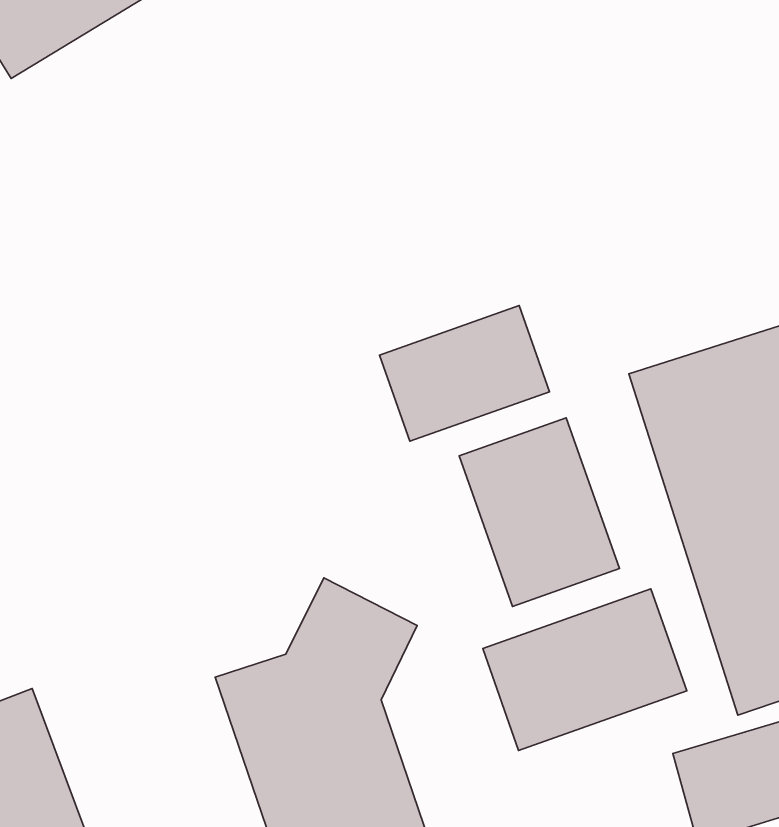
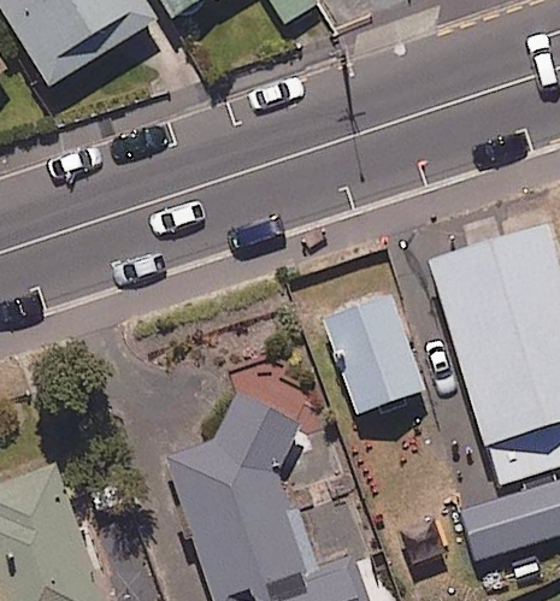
building: [379,306,549,441] -> none
building: [483,589,687,750] -> none

